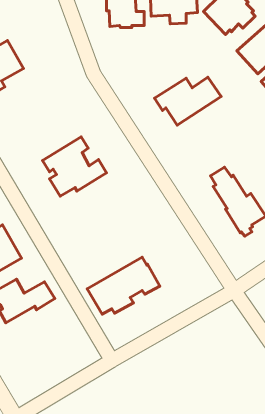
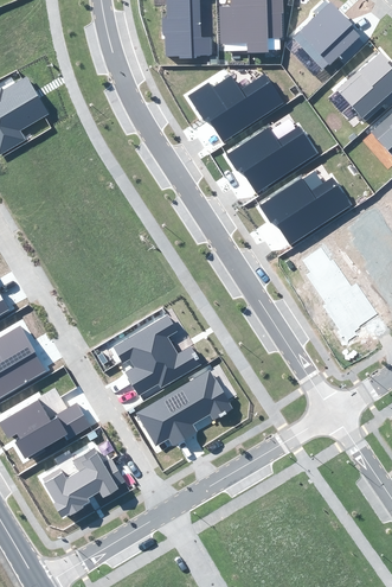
building: none -> [188,75,283,140]
building: none -> [259,172,349,243]
building: [43,137,107,196] -> [115,315,201,396]
building: none -> [43,447,127,517]

